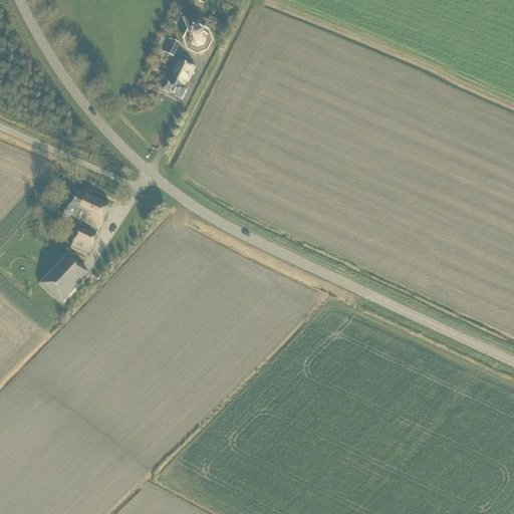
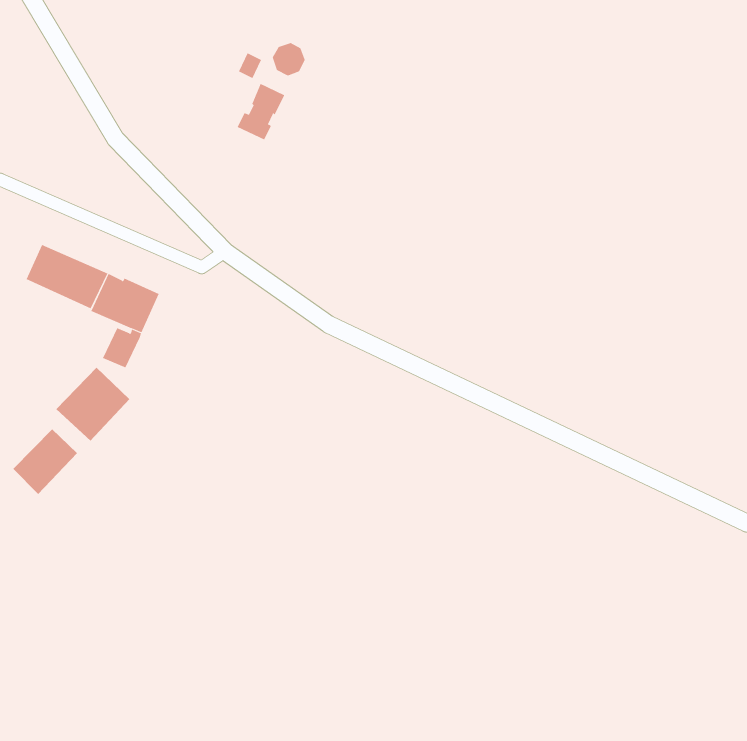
building: none -> [26,244,108,309]
building: none -> [13,429,78,495]

